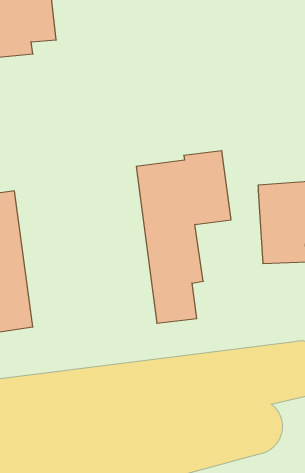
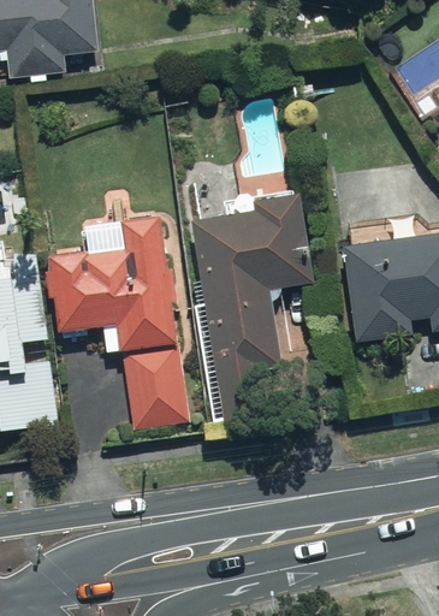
building: none -> [49,208,190,430]

